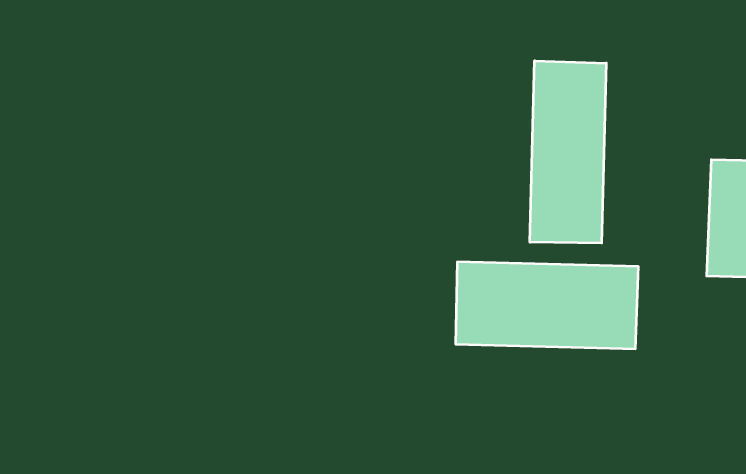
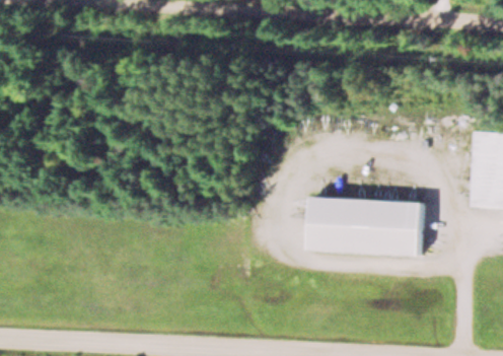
building: [530,61,606,243] -> none

